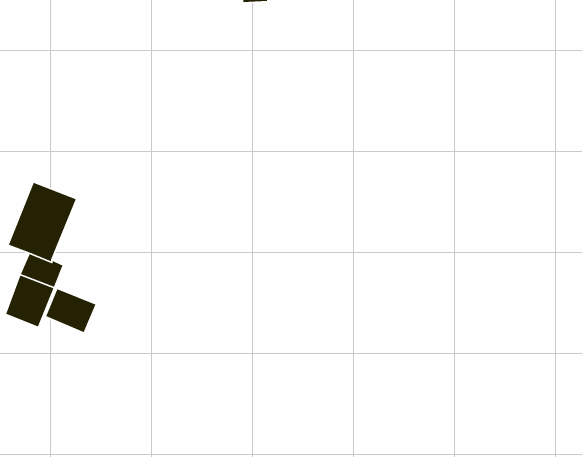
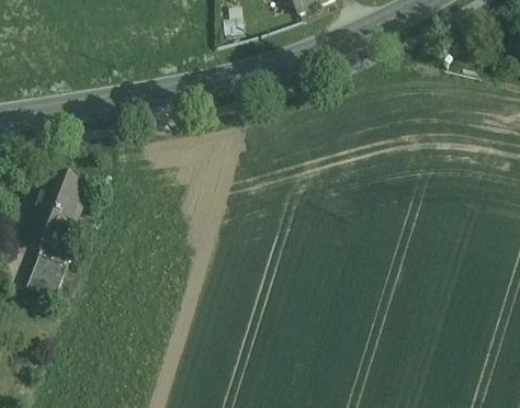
building: [45,288,96,333] -> none

